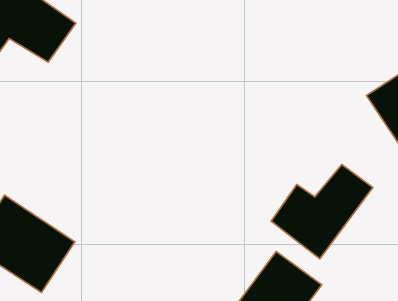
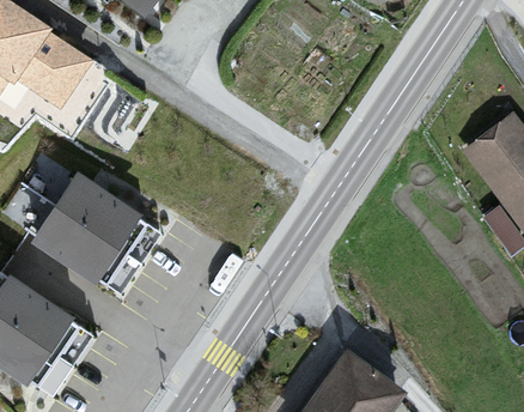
building: none -> [33,174,165,298]
building: [271,165,373,259] -> none

